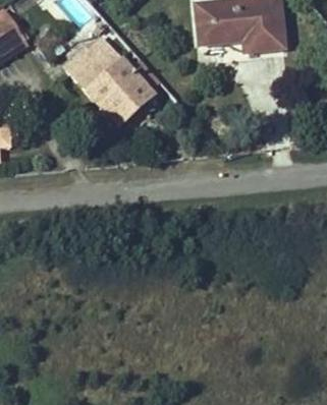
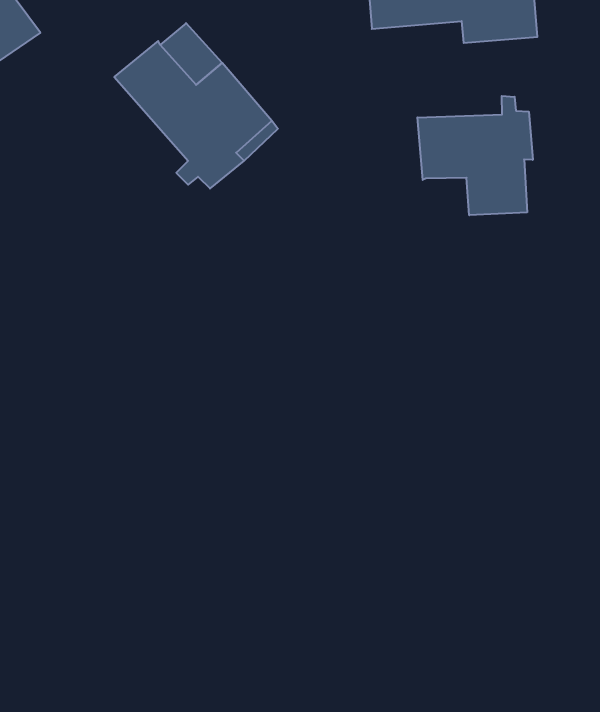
building: none -> [417,96,533,215]

